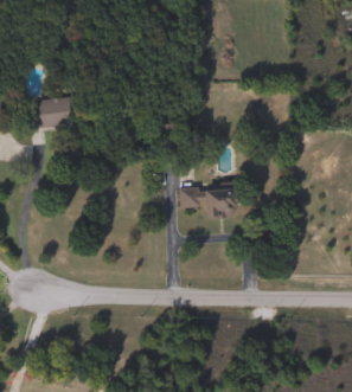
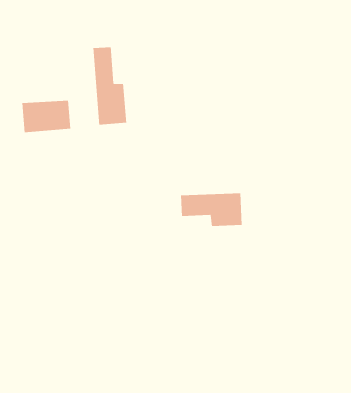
building: none -> [93,47,127,125]

